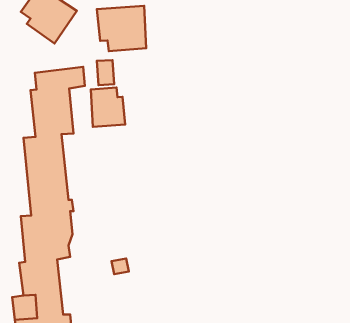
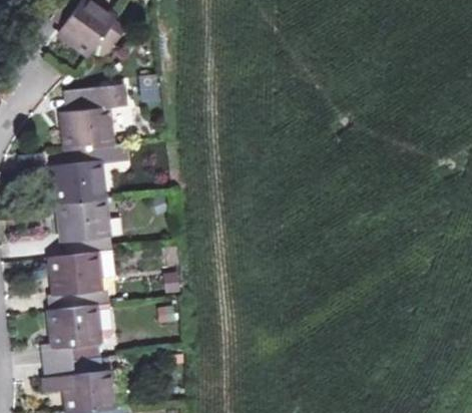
building: [97,6,146,51] -> none
building: [91,88,125,127] -> none

